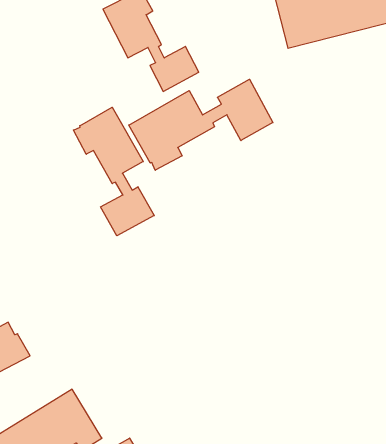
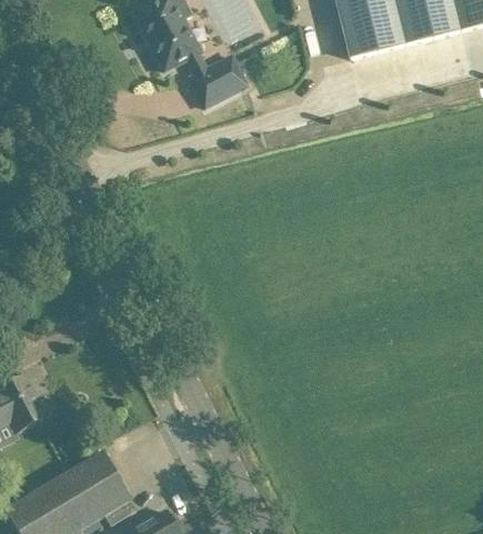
building: [129,79,273,170] -> none
building: [73,107,154,236] -> none

